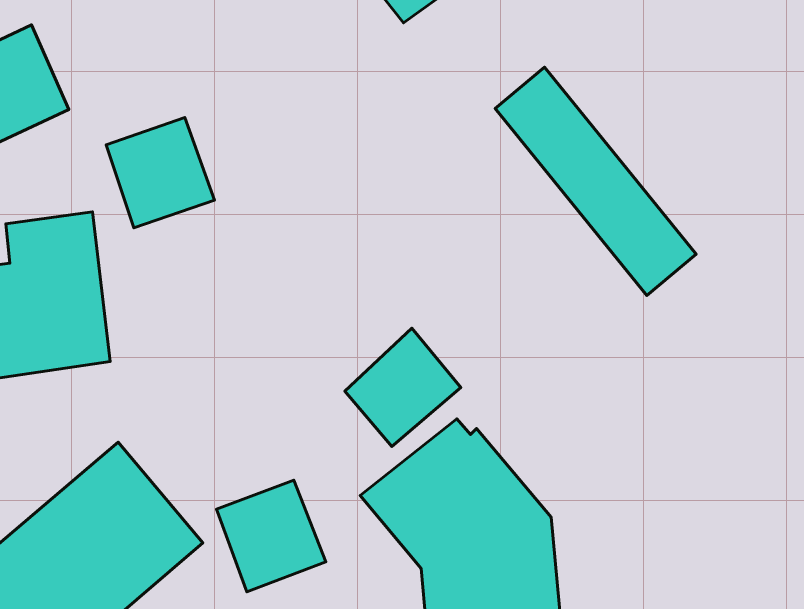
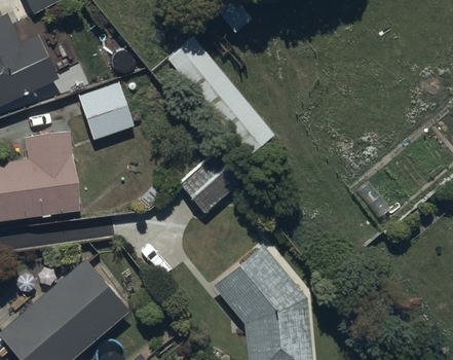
building: [495,67,696,296] -> [172,43,276,163]
building: [345,328,461,446] -> [180,154,240,216]
building: [216,480,326,592] -> none

